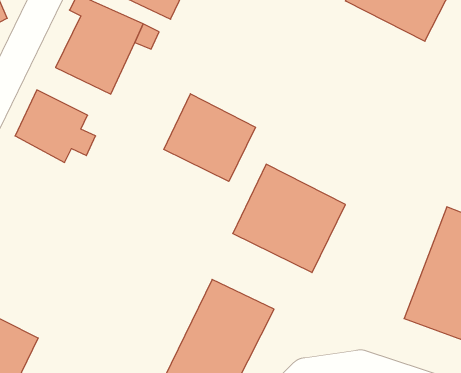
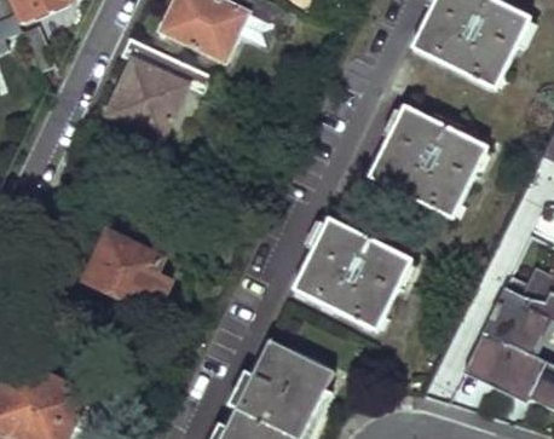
building: none -> [368,106,486,219]
building: [15,90,96,162] -> [88,233,173,310]
building: [164,94,255,181] -> none

